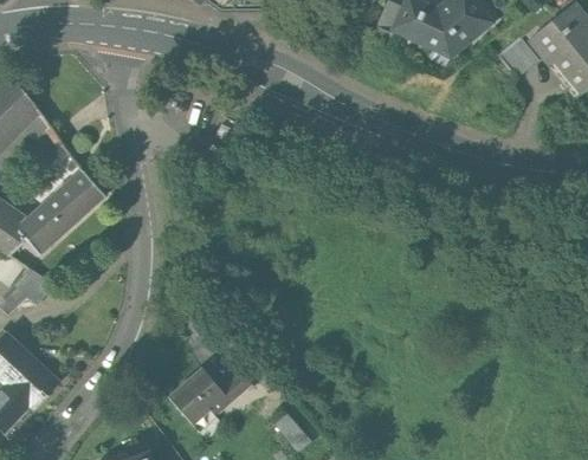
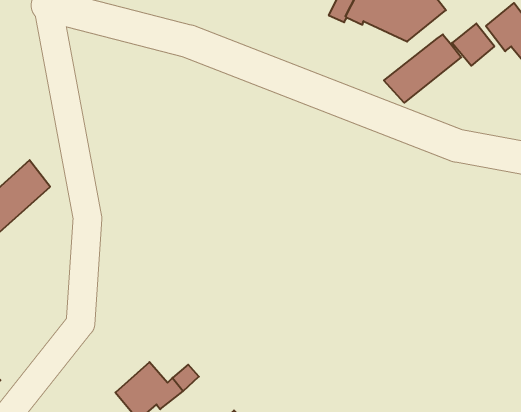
building: none -> [384,34,461,103]

